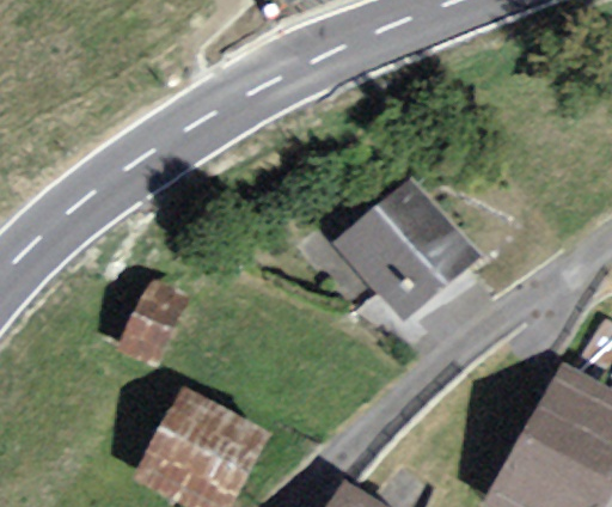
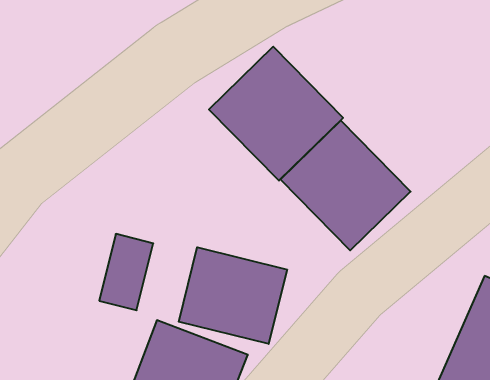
building: none -> [209,47,343,181]
building: none -> [179,247,287,344]

